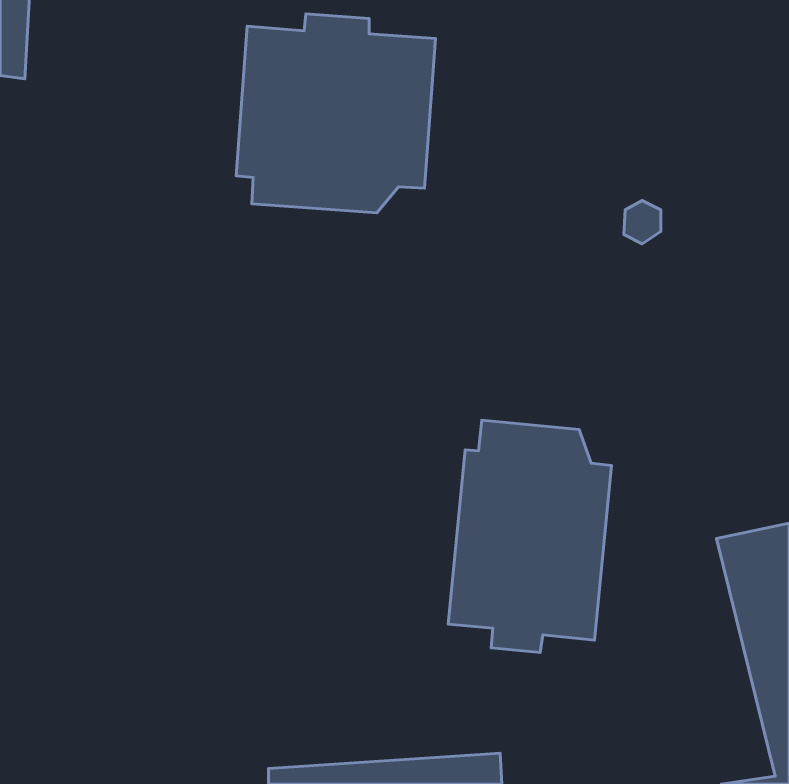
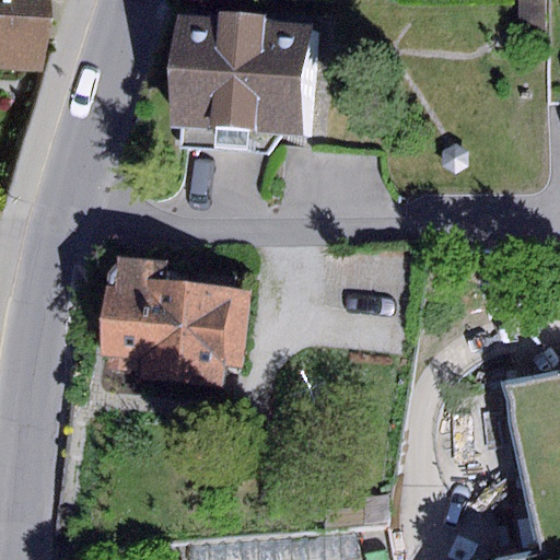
building: none -> [98,256,250,385]
building: [448,420,611,653] -> none

